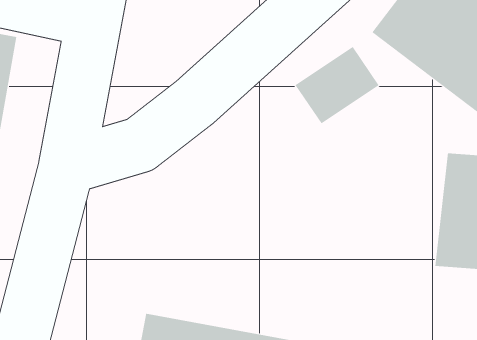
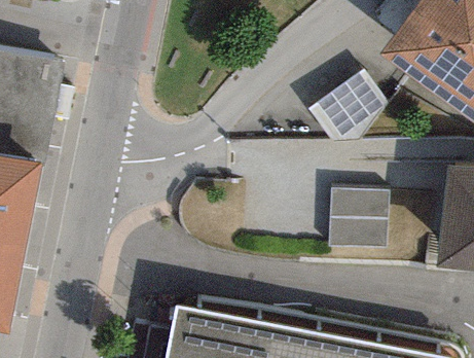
building: none -> [327,187,385,246]

